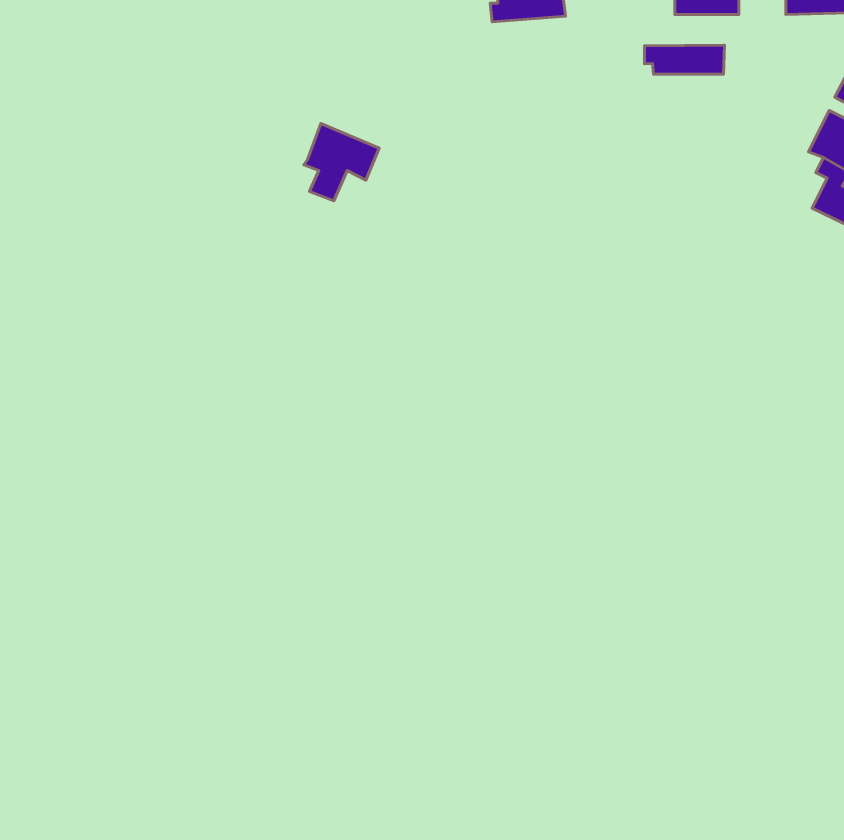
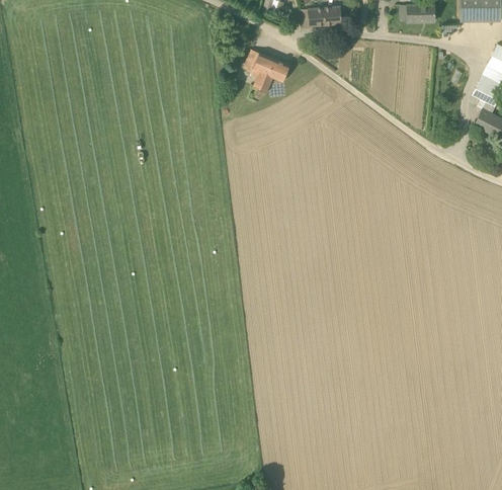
building: [644,45,725,74] -> none
building: [304,124,379,201] -> [250,52,290,93]

